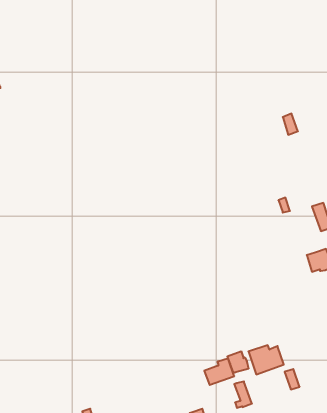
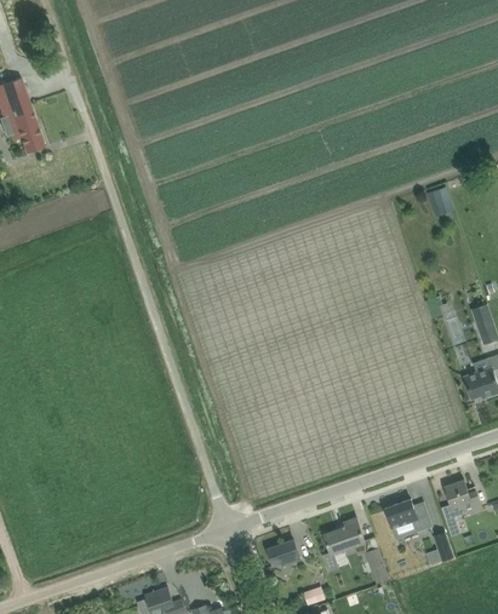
building: none -> [445,481,482,513]
building: [227,351,248,373] -> none
building: none -> [267,540,300,567]

